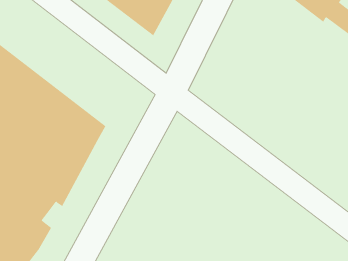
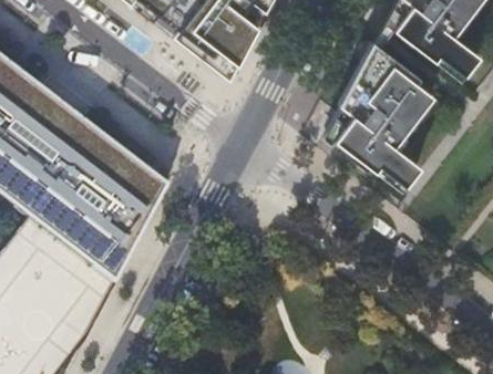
building: none -> [333,44,432,187]

